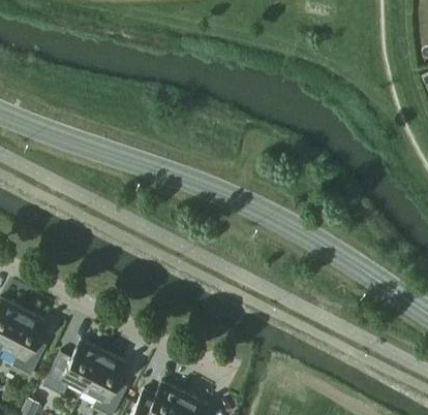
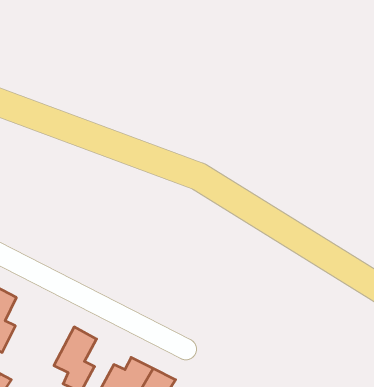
building: [44,340,103,393] -> none

